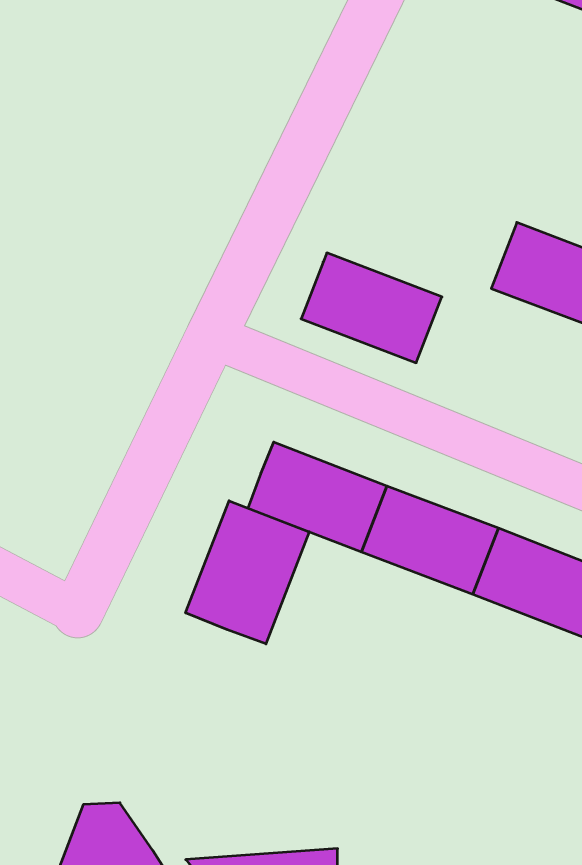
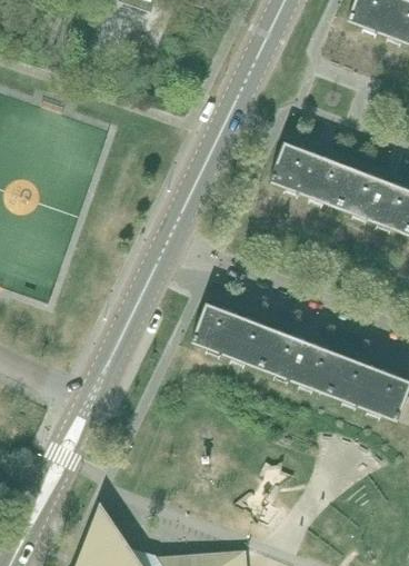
building: [301,253,442,363] -> [270,142,356,209]
building: [186,501,309,644] -> none

